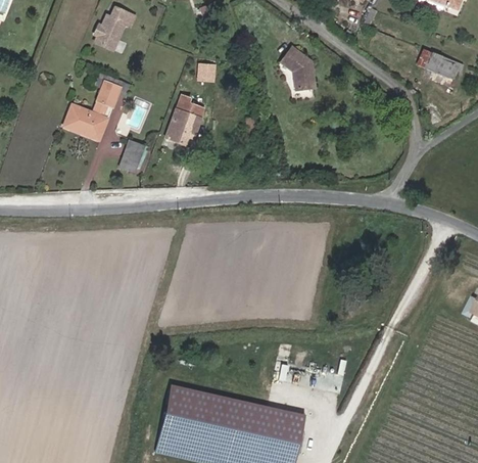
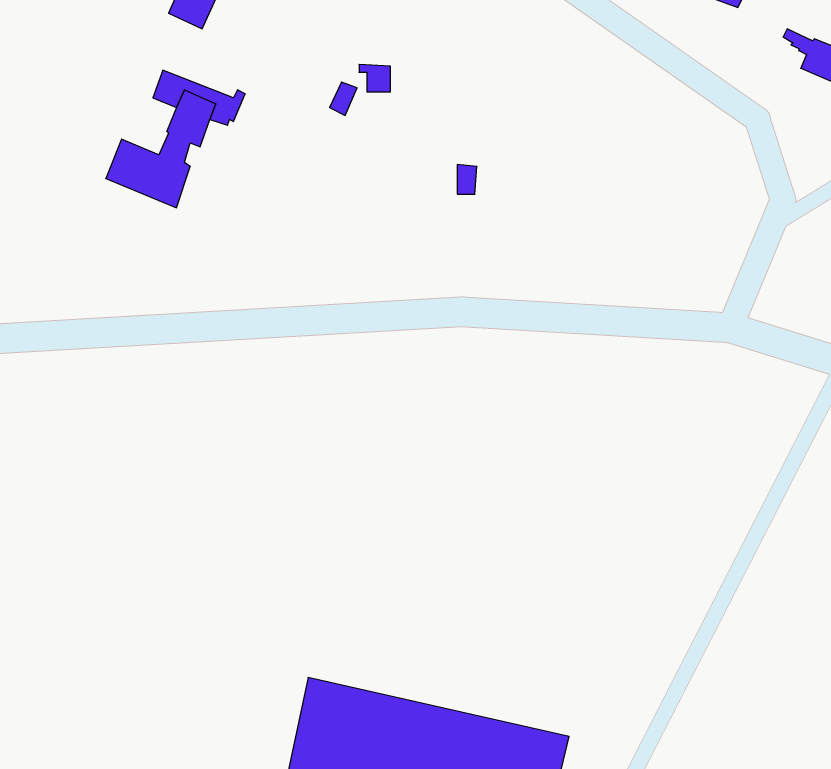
building: [280,46,315,90] -> none
building: [165,100,204,146] -> none
building: [118,141,144,175] -> none

